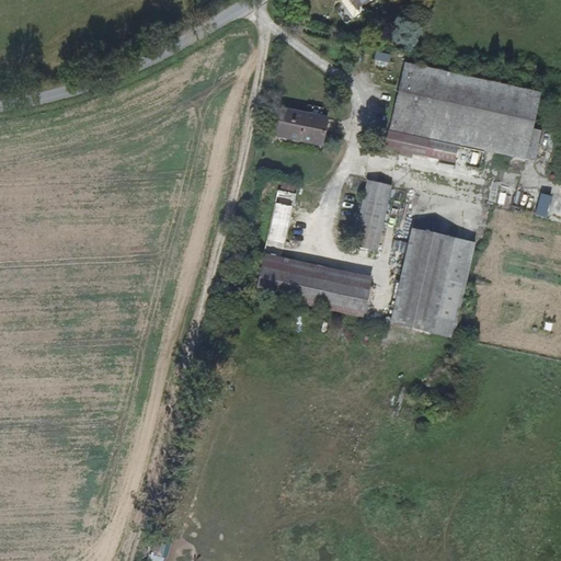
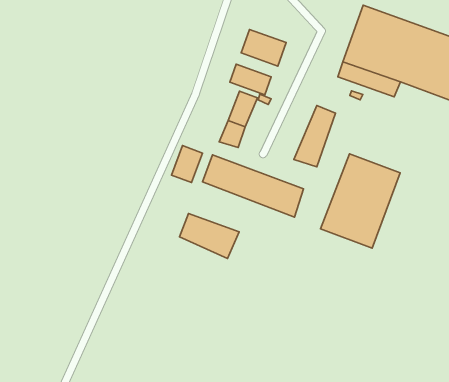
building: none -> [230,64,271,95]
building: none -> [171,145,203,183]
building: none -> [180,213,239,259]

